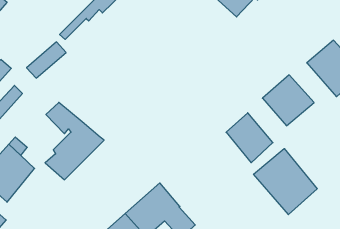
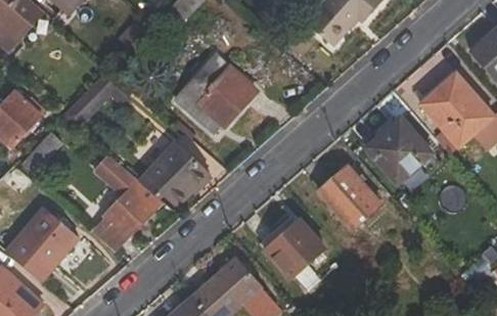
building: none -> [173,53,254,135]
building: none -> [137,143,209,207]
building: [254,149,317,215] -> none
building: none -> [264,218,325,279]

